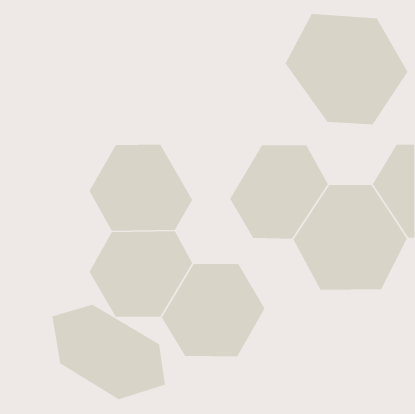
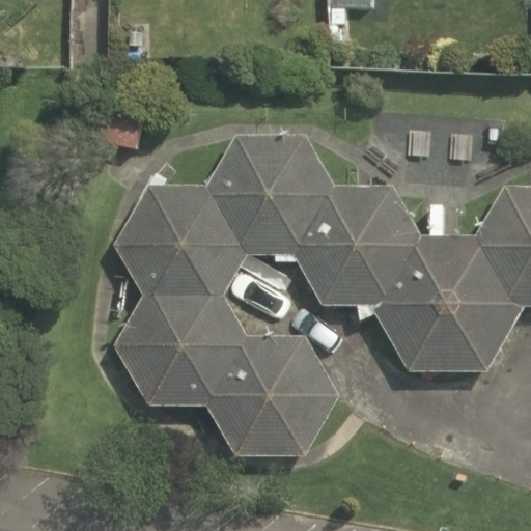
building: [284,13,408,125] -> none
building: none -> [205,136,334,256]
building: [52,304,166,400] -> none

